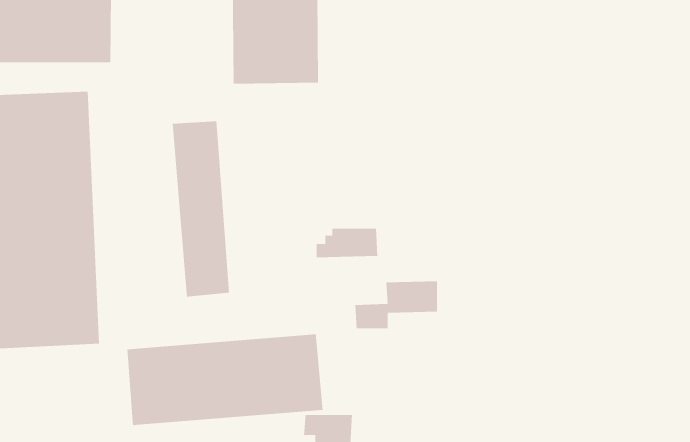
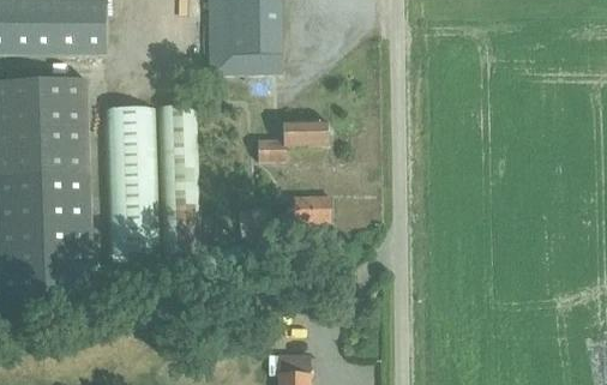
building: none -> [102,107,166,257]
building: [354,281,438,329] -> [257,119,327,160]
building: [127,333,323,426] -> none

